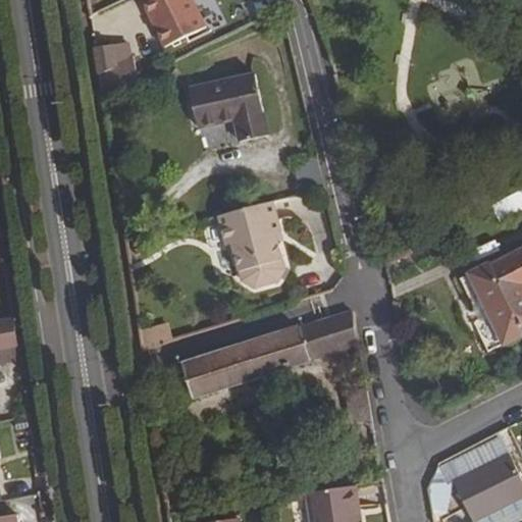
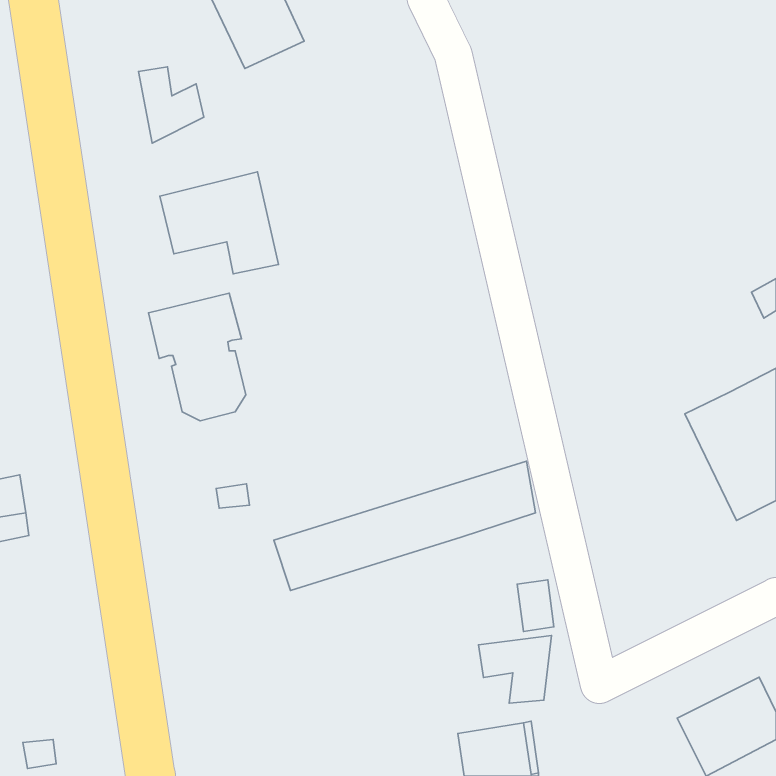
building: [189,72,268,141] -> [160,172,279,274]
building: [217,201,282,286] -> [149,293,246,421]
building: none -> [478,635,551,703]

